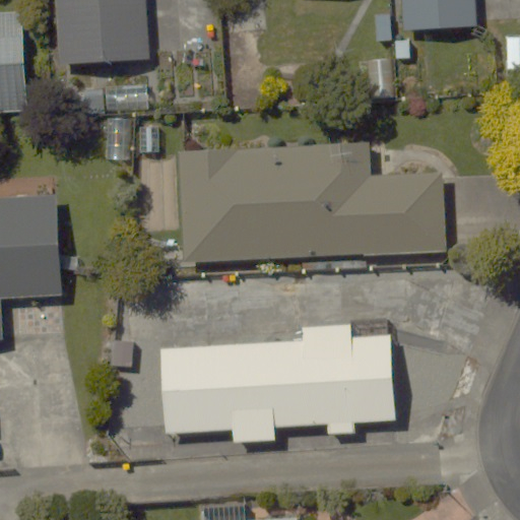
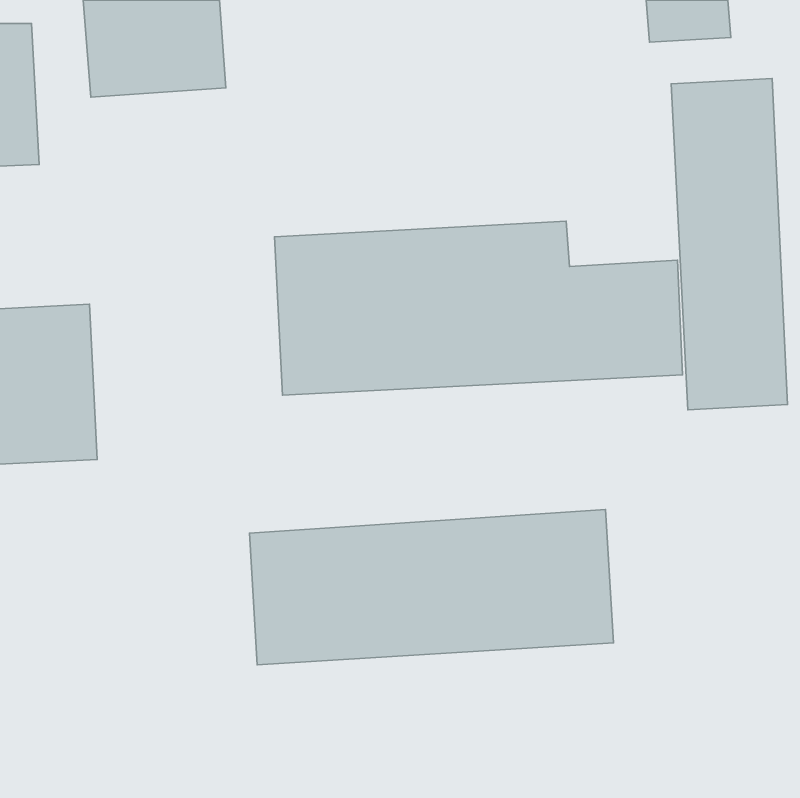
building: none -> [671,78,788,410]

